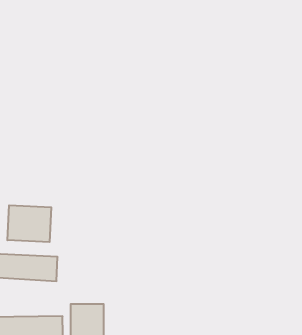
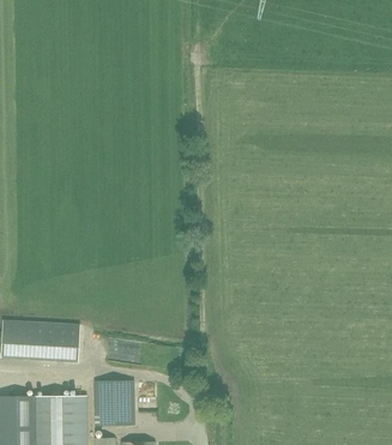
building: [7,205,51,242] -> none

